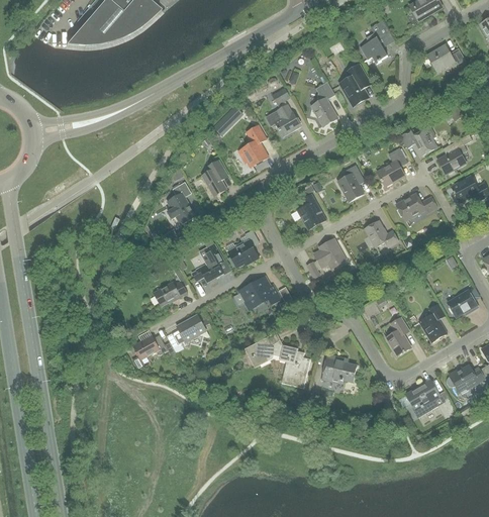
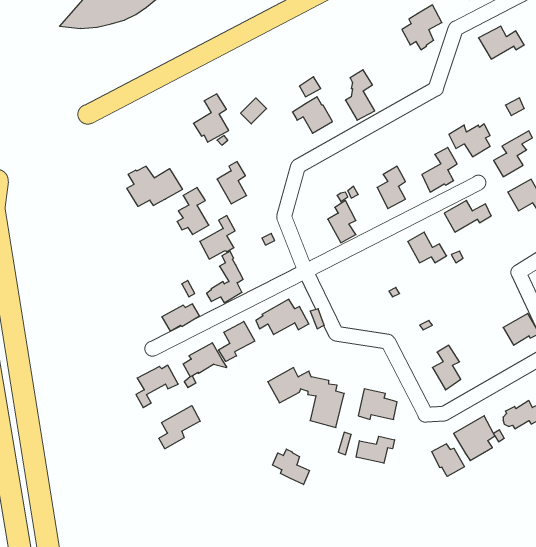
building: [339,64,371,105] -> none
building: [237,125,268,167] -> [193,94,229,142]
building: none -> [127,166,182,206]
building: [228,229,259,267] -> [200,216,235,259]
building: [307,238,346,278] -> none
building: none -> [219,321,255,361]
building: [420,303,446,341] -> none
building: none -> [159,406,200,449]
building: none -> [356,436,395,463]
building: none -> [432,444,464,476]
building: none -> [273,449,309,485]

